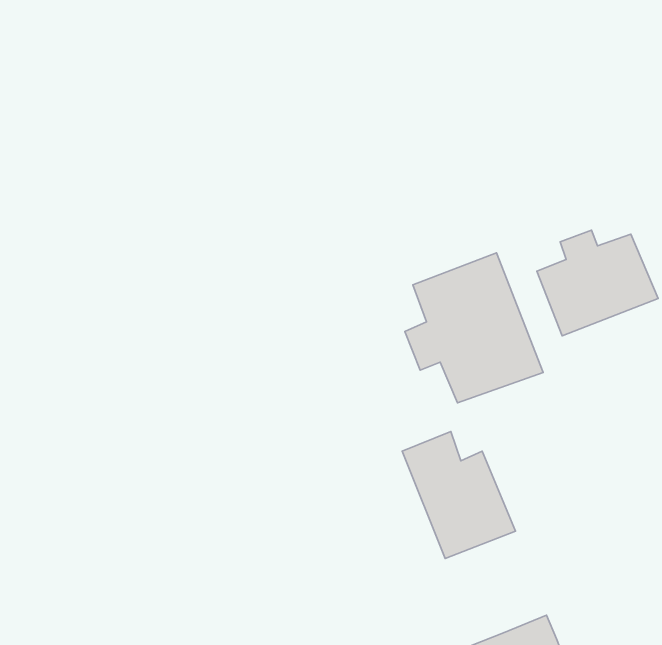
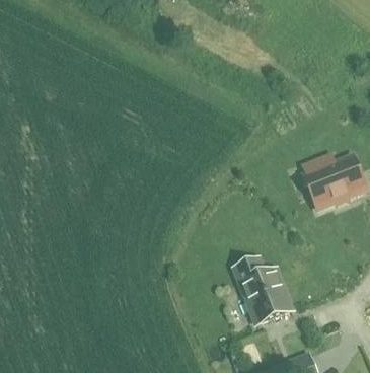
building: [405,253,543,403] -> none

